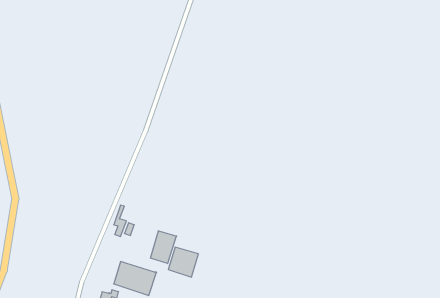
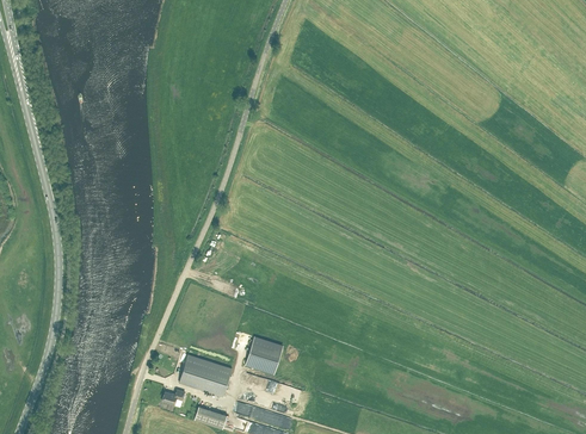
building: [150,231,177,264] -> none

